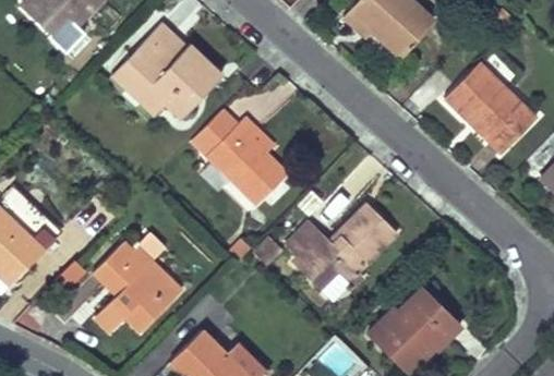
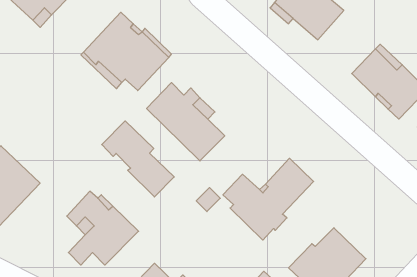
building: none -> [102,121,174,197]

